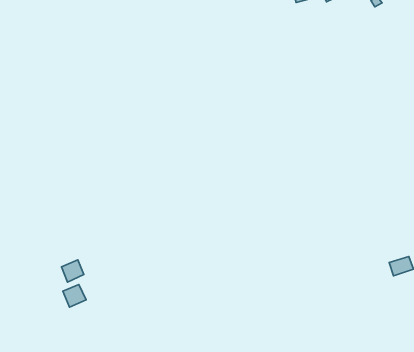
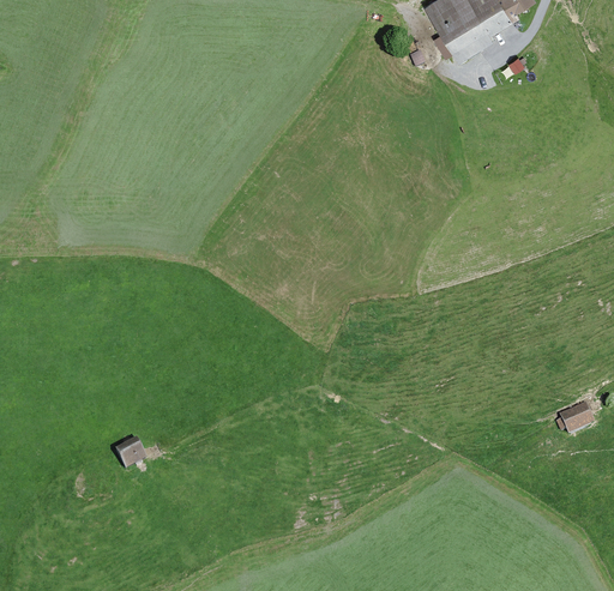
building: [63,285,86,307] -> none

